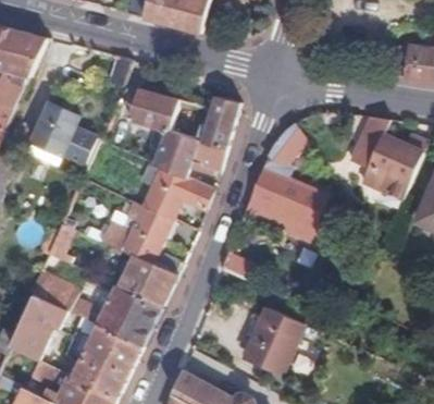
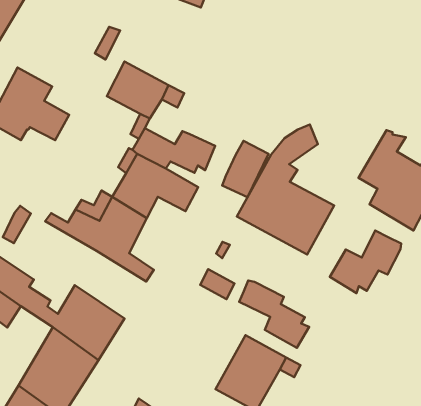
building: [199,101,236,149] -> [222,141,269,197]
building: none -> [330,231,401,293]
building: [114,250,175,306] -> none
building: none -> [239,281,309,348]

